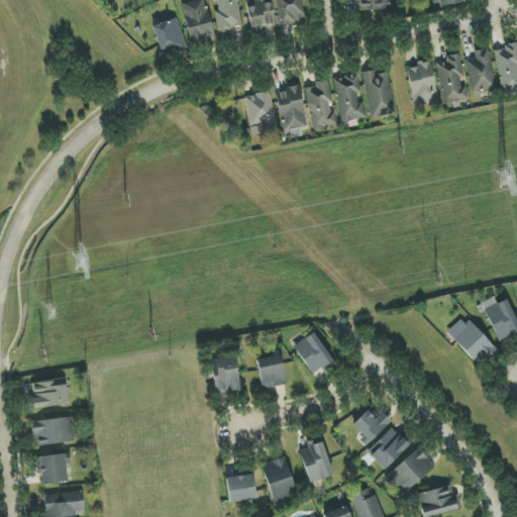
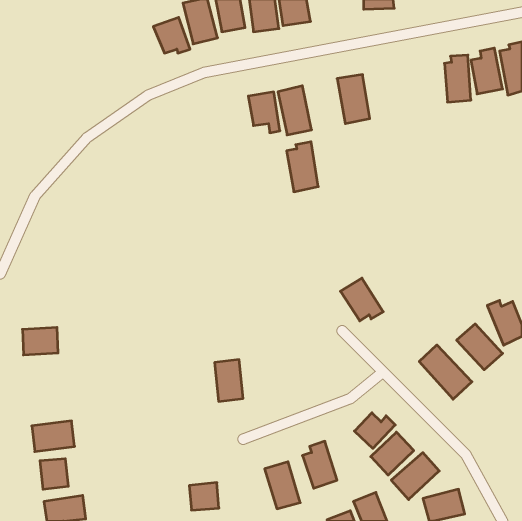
building: [406,61,438,105] -> none
building: [363,70,395,117] -> none
building: [306,79,337,128] -> [287,142,318,192]
building: [293,331,335,374] -> [340,278,383,321]
building: none -> [419,345,472,399]
building: [256,353,287,389] -> none
building: [31,380,67,407] -> [22,327,58,355]
building: [226,474,255,501] -> [189,483,219,510]

